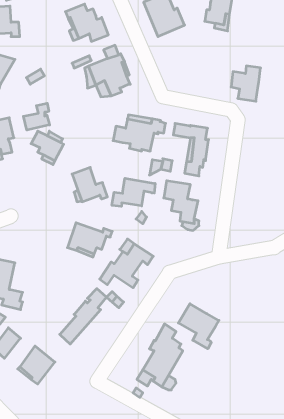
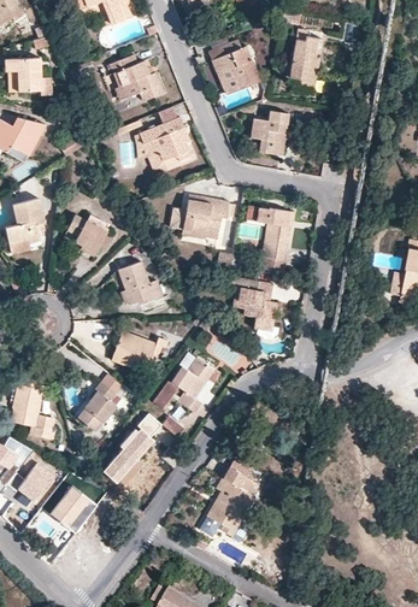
building: [231,66,261,101] -> [251,111,288,155]
building: [23,103,50,130] -> none
building: [112,178,155,206] -> none
building: none -> [77,372,124,431]
building: [178,304,219,349] -> none

